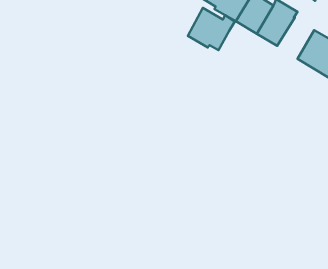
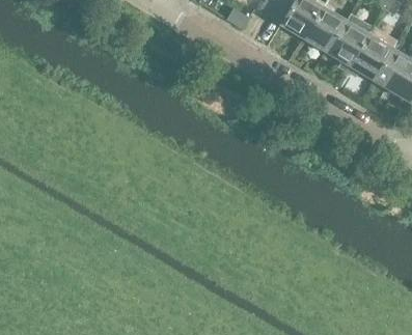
building: [188,8,235,50] -> none
building: none -> [351,33,392,80]

